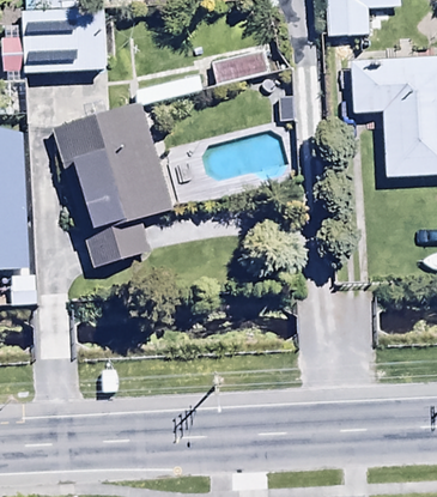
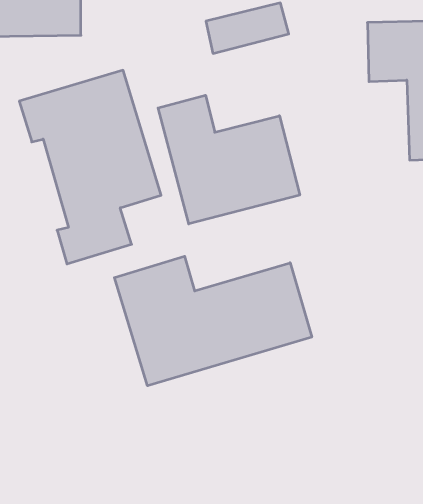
building: none -> [158,95,300,224]
building: none -> [114,256,312,386]

